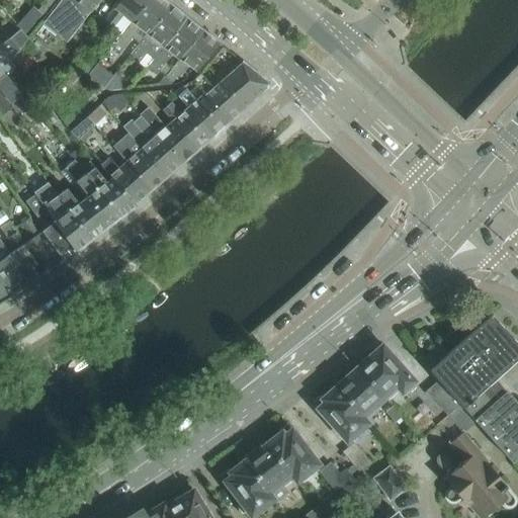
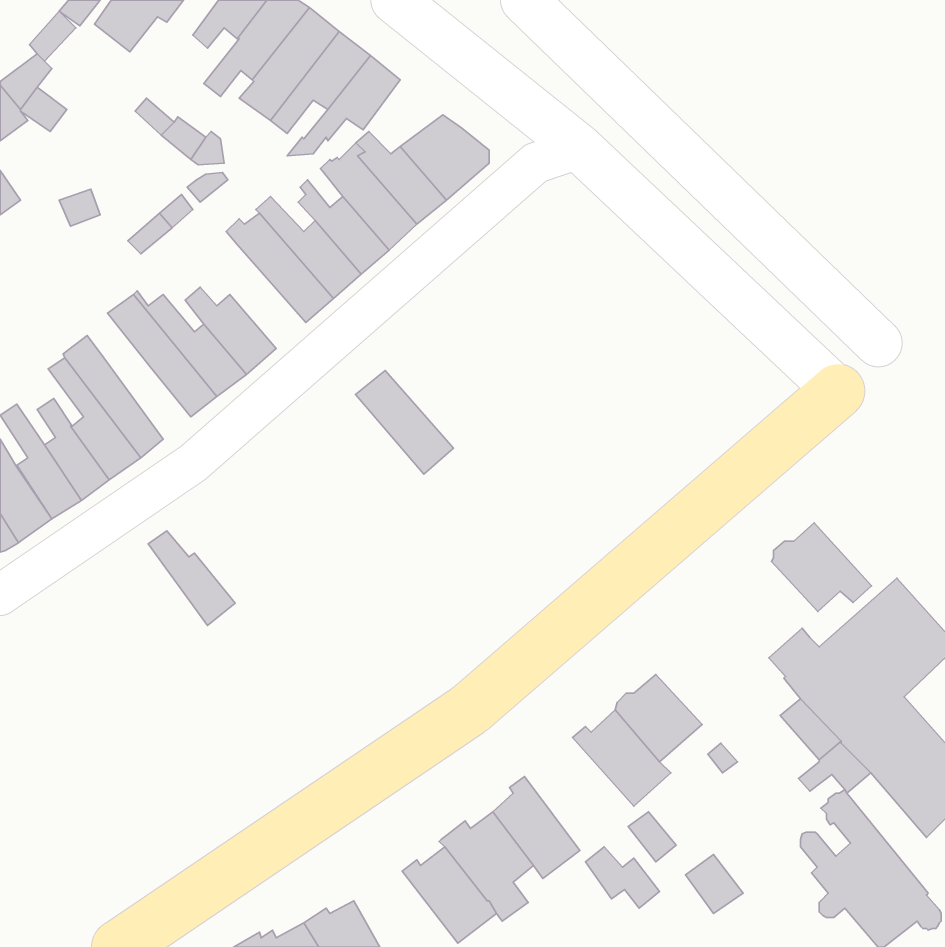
building: [114,134,168,190] -> [355,370,454,474]
building: [58,188,105,240] -> [148,531,235,626]
building: [359,347,414,396] -> [772,523,872,612]

